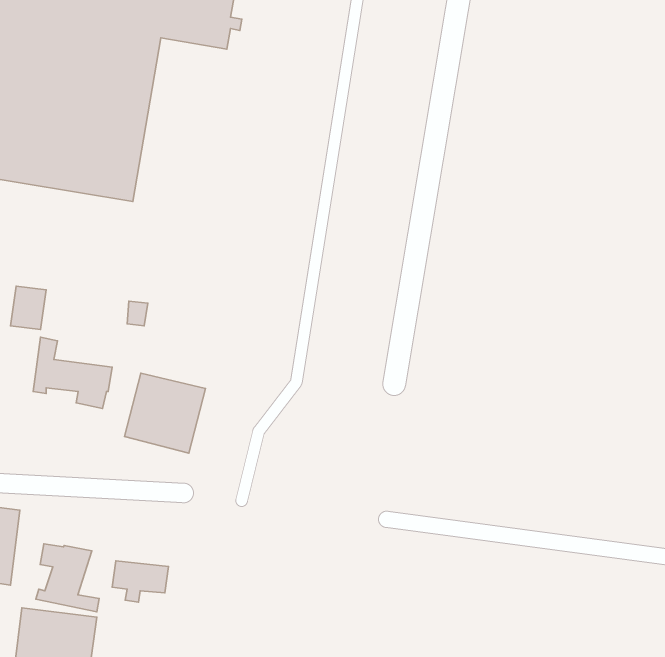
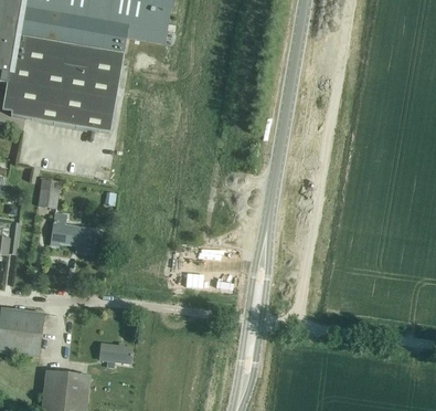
building: [125,373,206,453] -> none
building: [36,544,99,612] -> none

